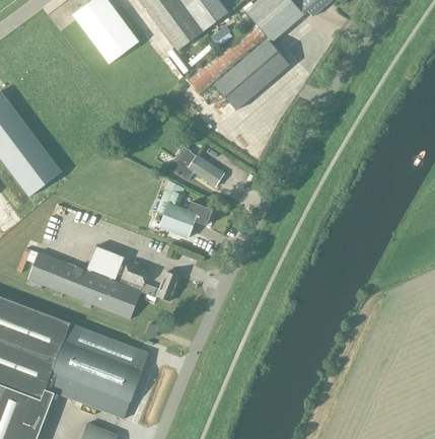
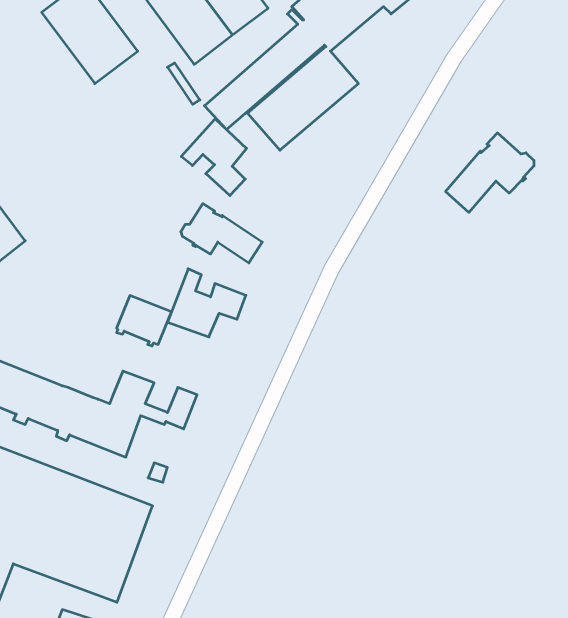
building: none -> [181,119,247,196]
building: none -> [446,133,534,212]
building: [87,245,125,280] -> [117,296,171,346]

